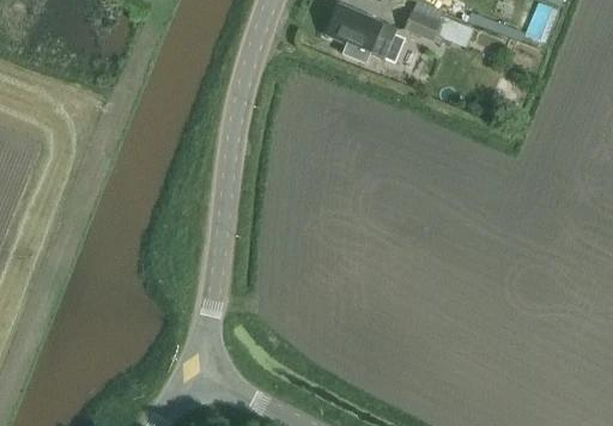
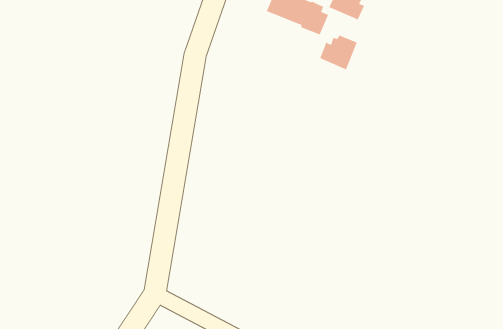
building: none -> [319,34,358,70]

